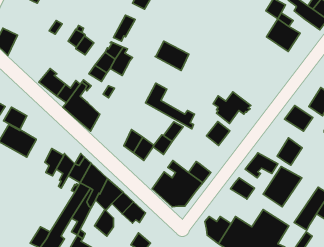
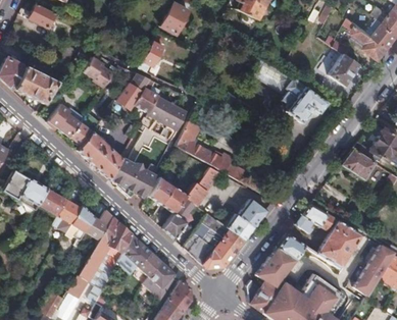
building: none -> [12,65,57,104]
building: [155,41,189,70] -> [147,96,187,130]
building: [213,92,251,123] -> [283,87,328,124]
building: [4,107,27,130] -> [37,190,64,216]
building: none -> [110,158,158,198]
building: [207,121,230,145] -> [239,200,266,228]
building: [277,138,302,165] -> none
building: none -> [162,198,197,238]
building: none -> [255,248,295,288]
building: [95,210,114,236] -> [167,280,190,312]

